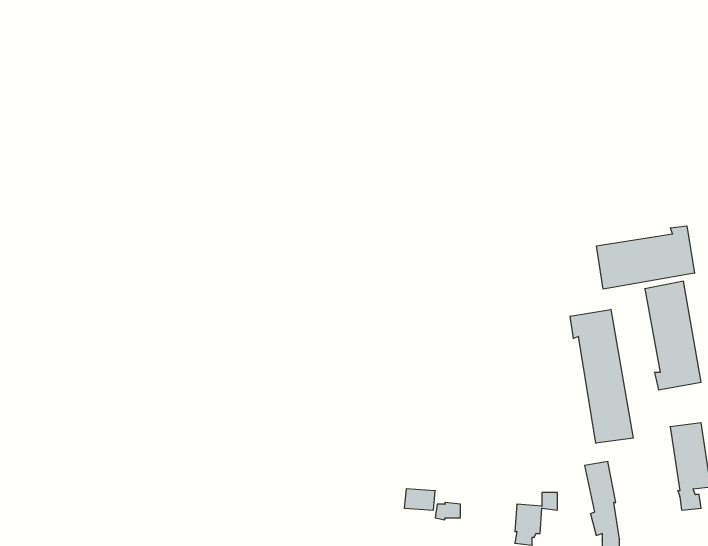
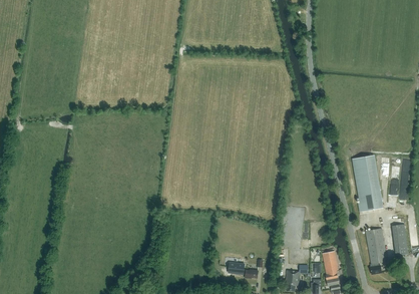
building: [596,226,695,289] -> none
building: [570,309,633,443] -> none

